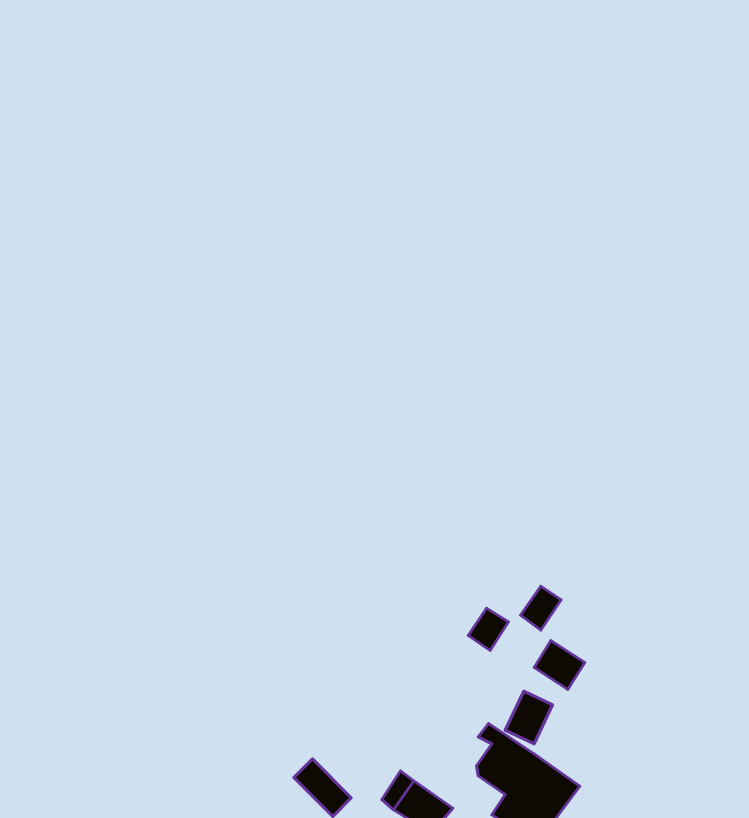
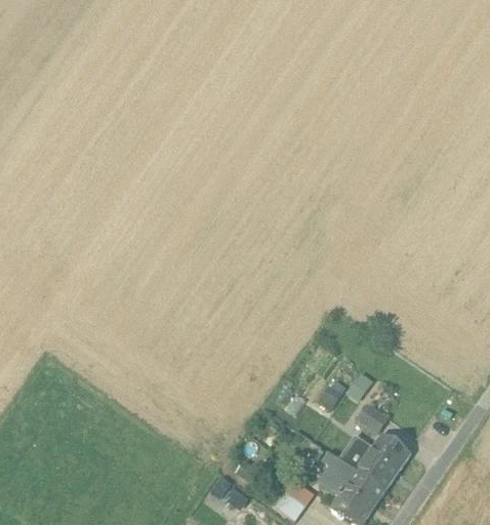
building: none -> [357,435,409,491]

